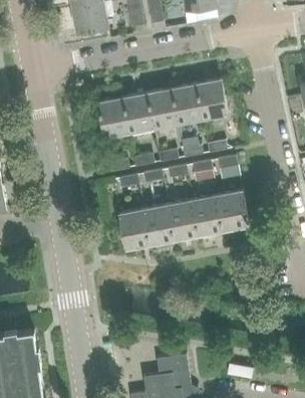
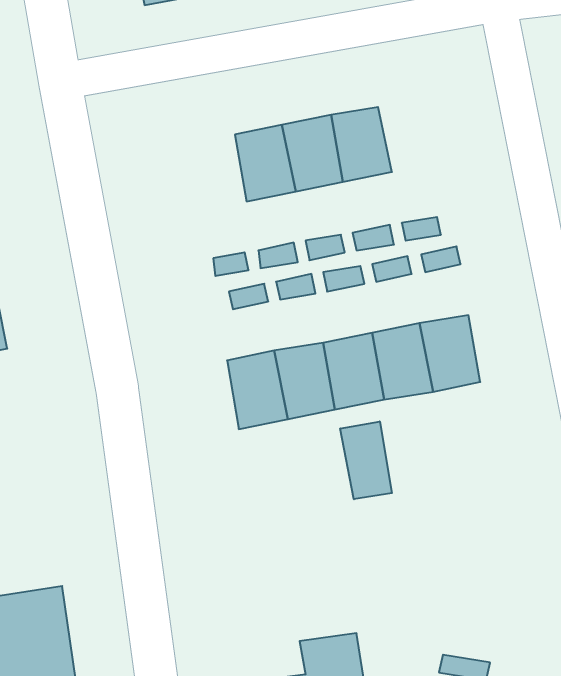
building: [196,80,227,119] -> none
building: [97,100,128,138] -> none
building: none -> [340,421,392,499]

